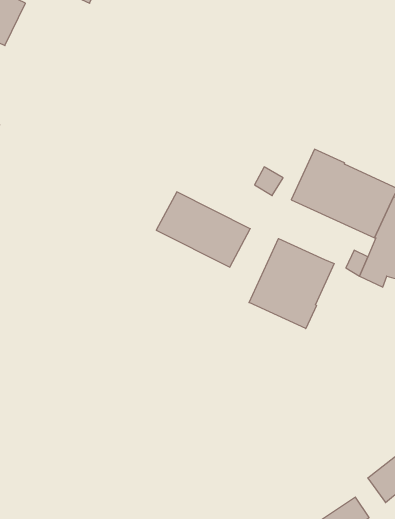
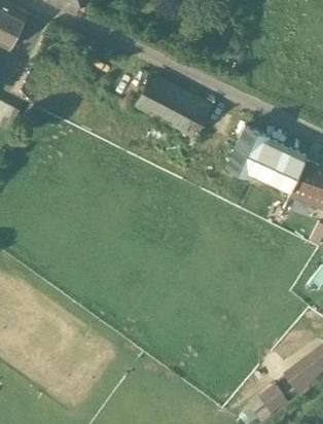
building: [156,192,250,267] -> [138,77,209,134]
building: [249,239,334,329] -> none

